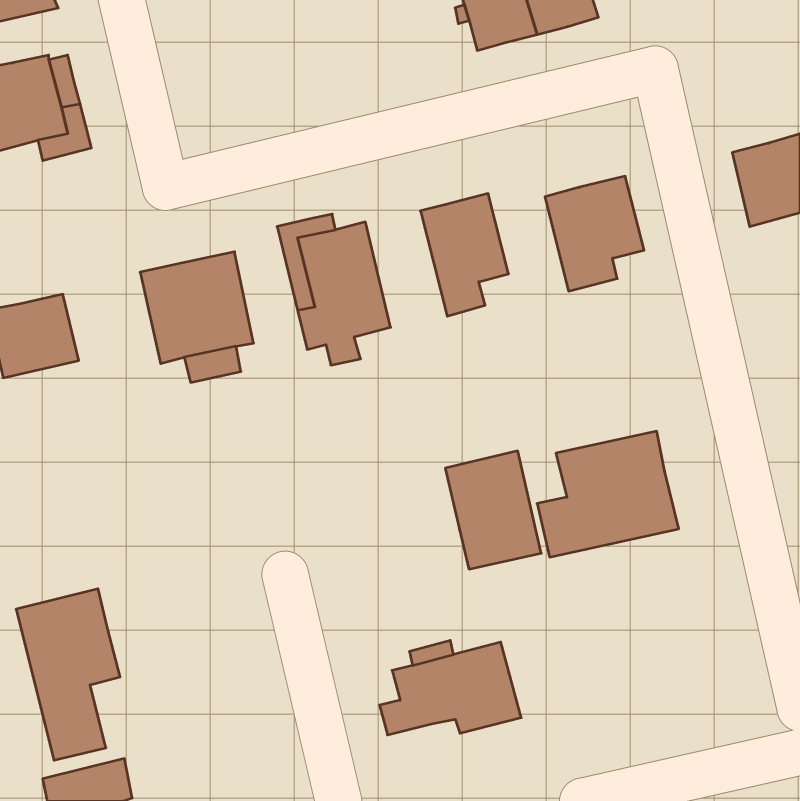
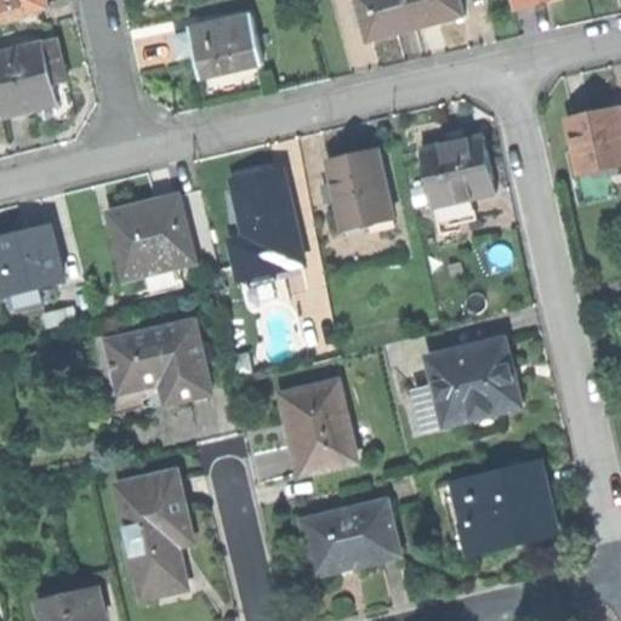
building: none -> [171,12,261,76]
building: none -> [107,323,213,409]
building: [445,451,541,569] -> [283,377,357,468]
building: [16,589,120,760] -> [114,466,194,598]
building: none -> [440,457,557,547]

